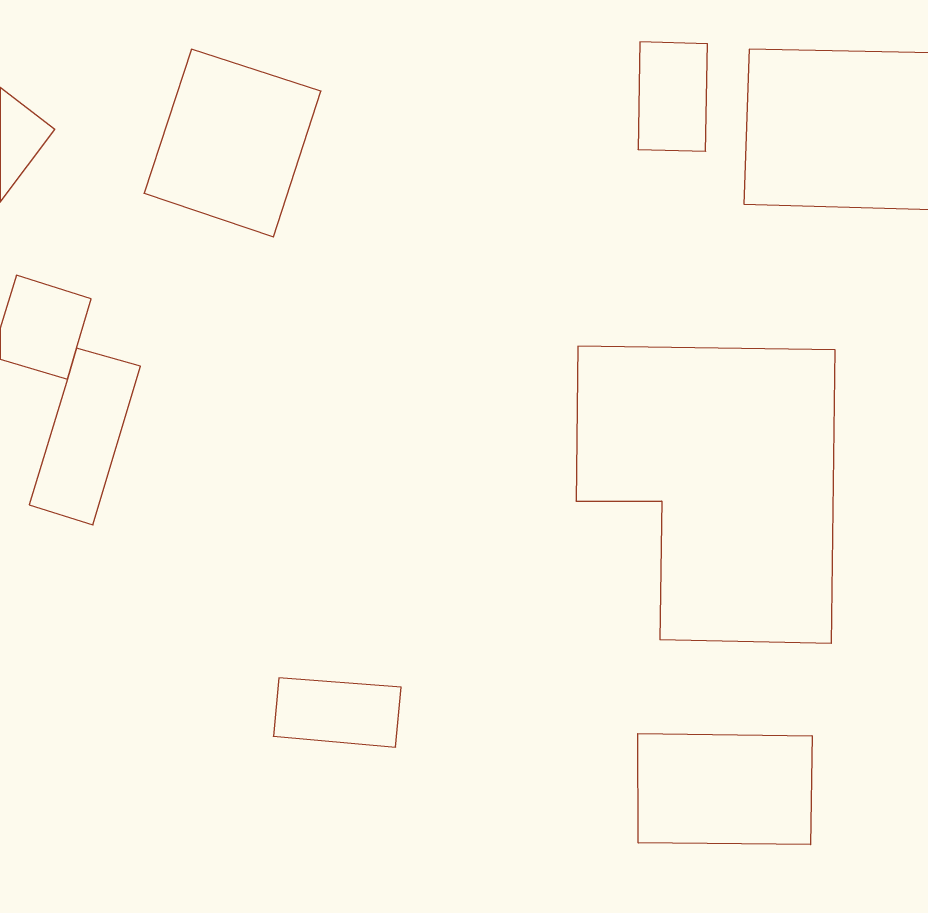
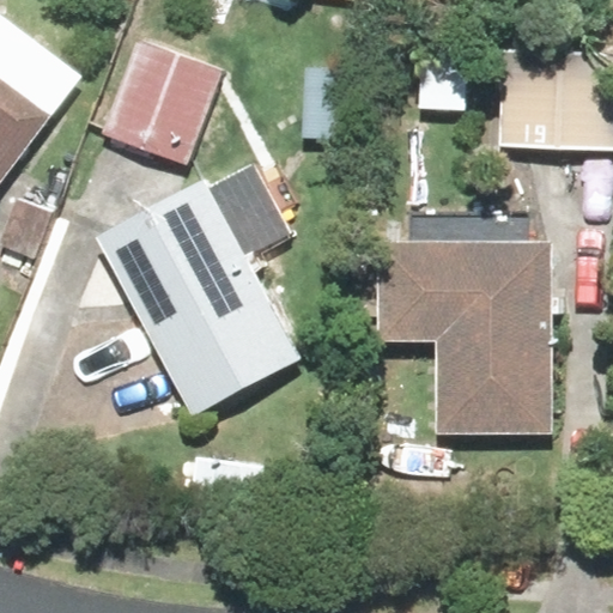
building: none -> [103,160,302,415]
building: [638,734,812,845] -> none

